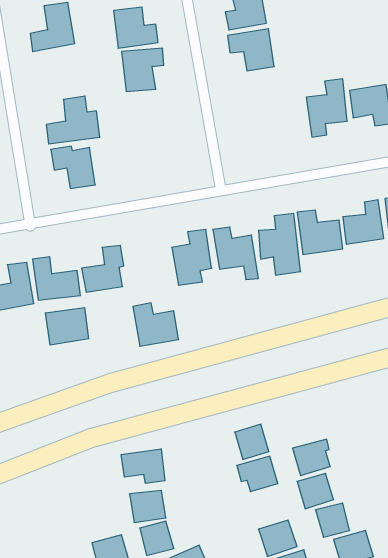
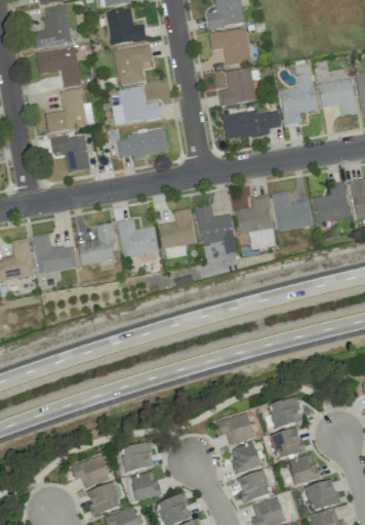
building: none -> [37,45,81,86]
building: none -> [218,67,256,107]
building: none -> [113,86,161,124]
building: none -> [222,110,281,138]
building: none -> [118,128,169,157]
building: [133,303,179,346] -> [117,218,158,257]
building: [46,308,89,345] -> none
building: [235,424,269,459] -> [230,442,260,474]
building: [121,449,165,483] -> none
building: none -> [72,455,110,487]

